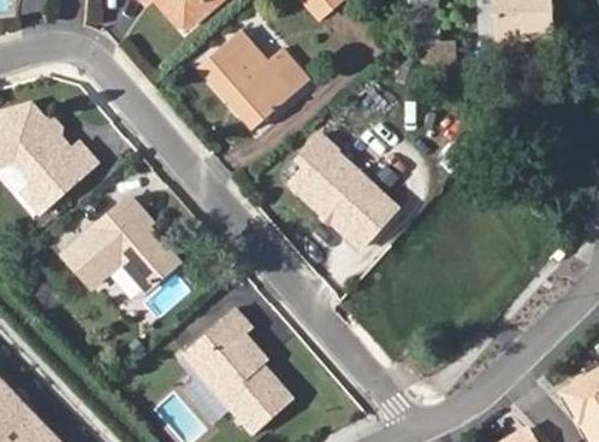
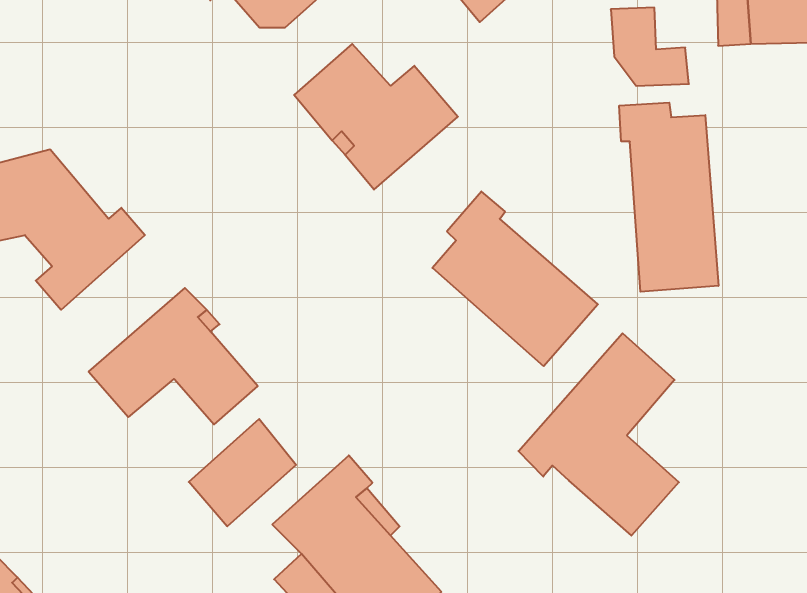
building: none -> [619,103,718,292]
building: none -> [518,333,679,536]
building: none -> [189,419,296,526]

